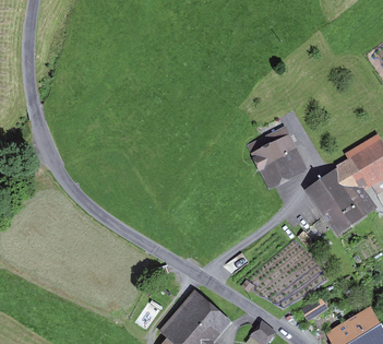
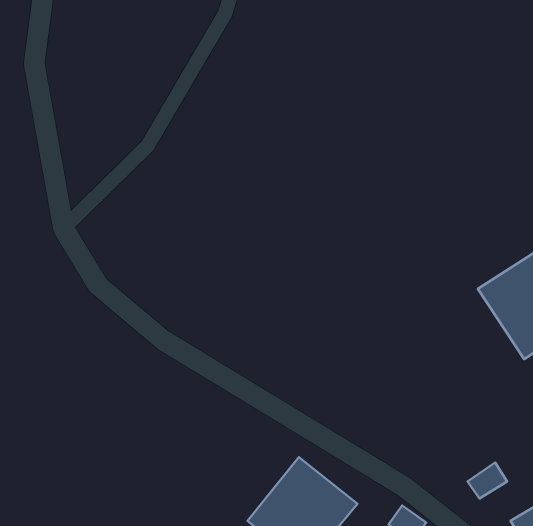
building: [248,130,306,186] -> none

